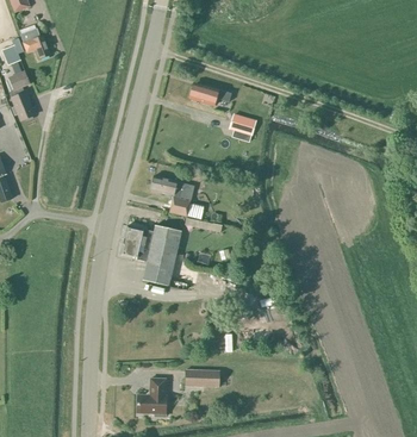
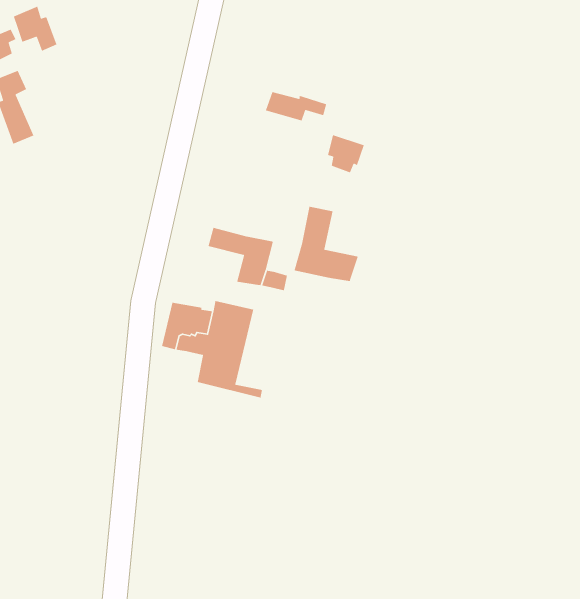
building: none -> [294,206,359,283]
building: [186,369,220,387] -> none
building: [137,377,167,416] -> none

